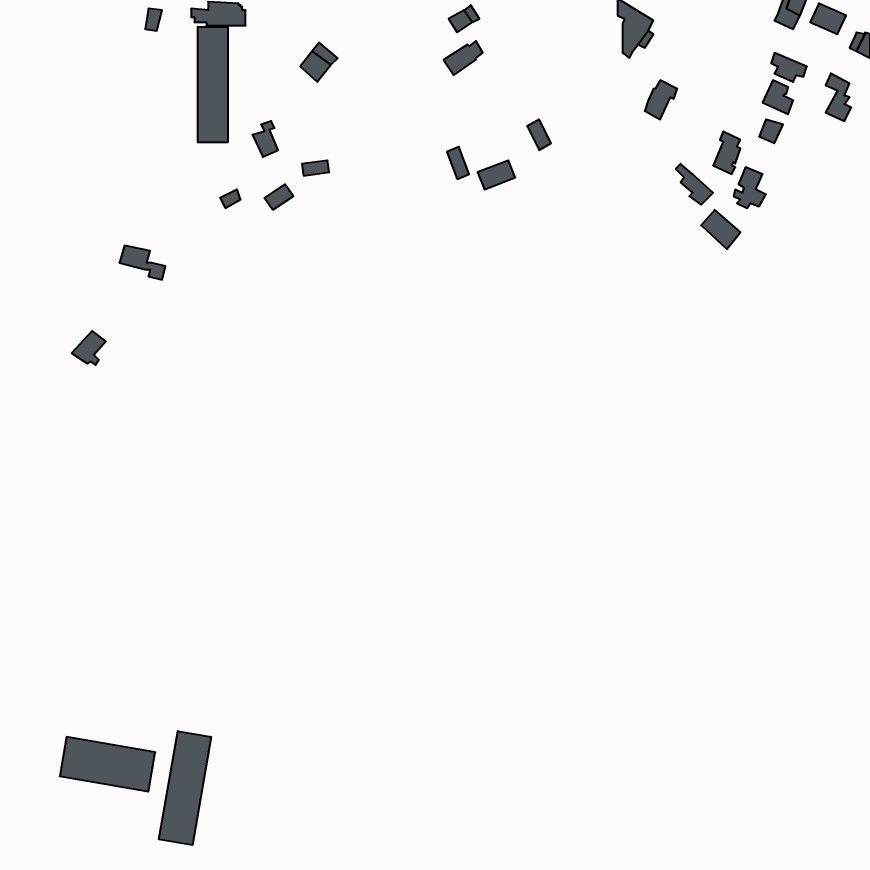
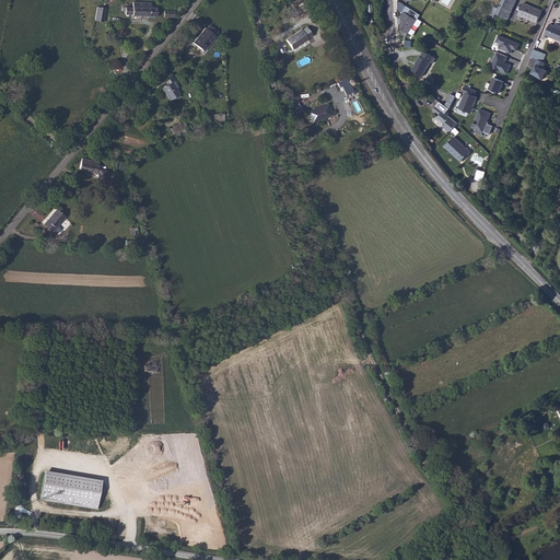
building: [198,27,228,142] -> none
building: [159,731,211,845] -> none

